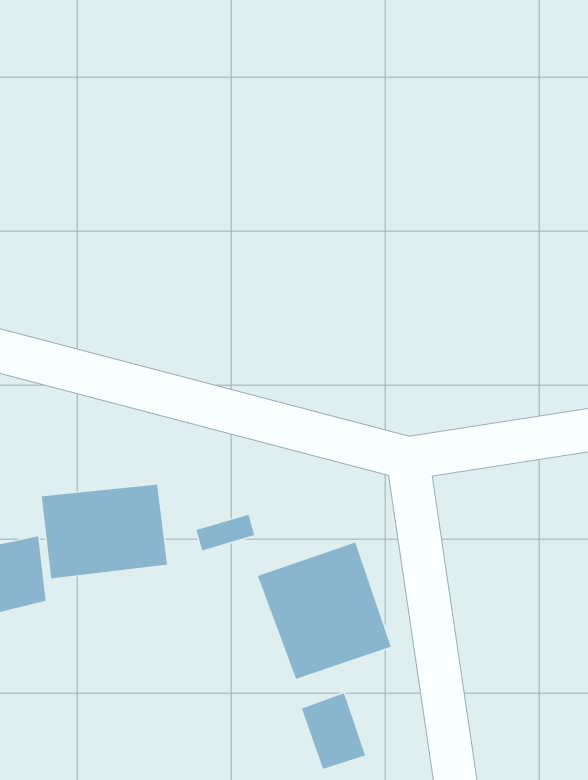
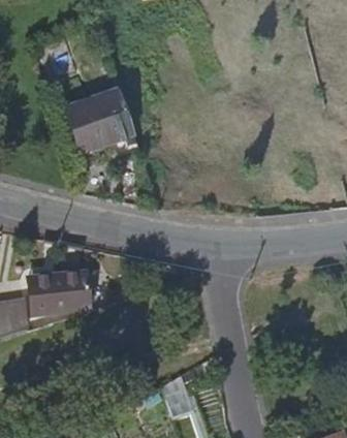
building: none -> [67,87,138,150]
building: [257,541,392,680] -> none

